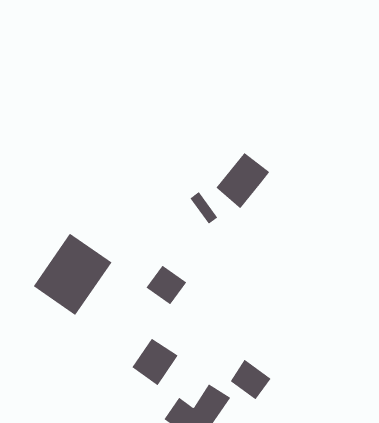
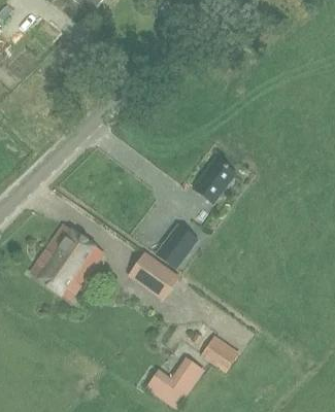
building: none -> [156,224,196,267]
building: [131,338,179,386] -> none

